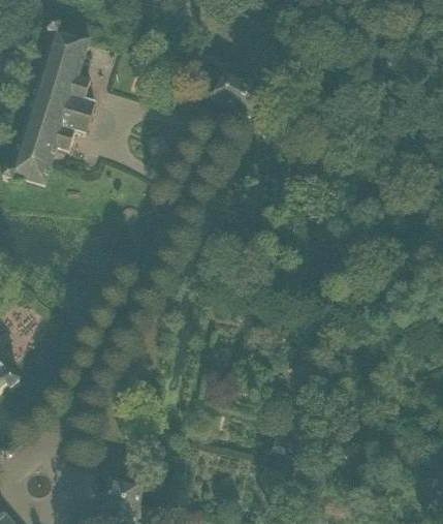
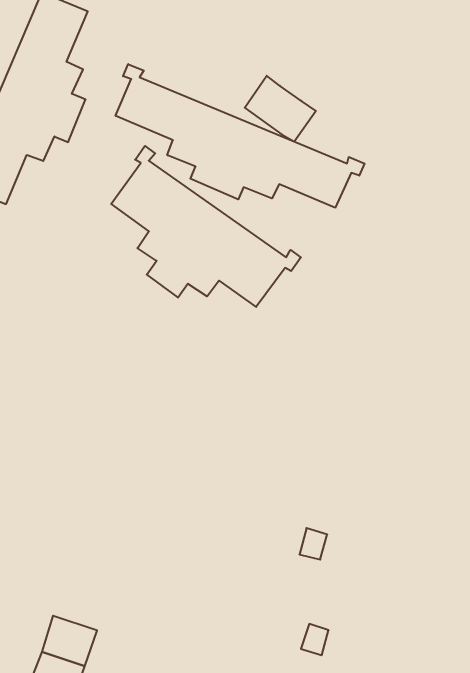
building: none -> [116,64,364,208]
building: none -> [111,146,301,307]

